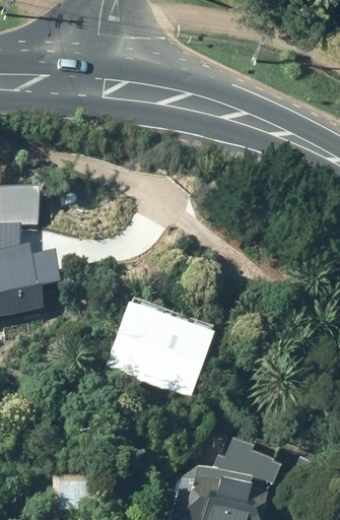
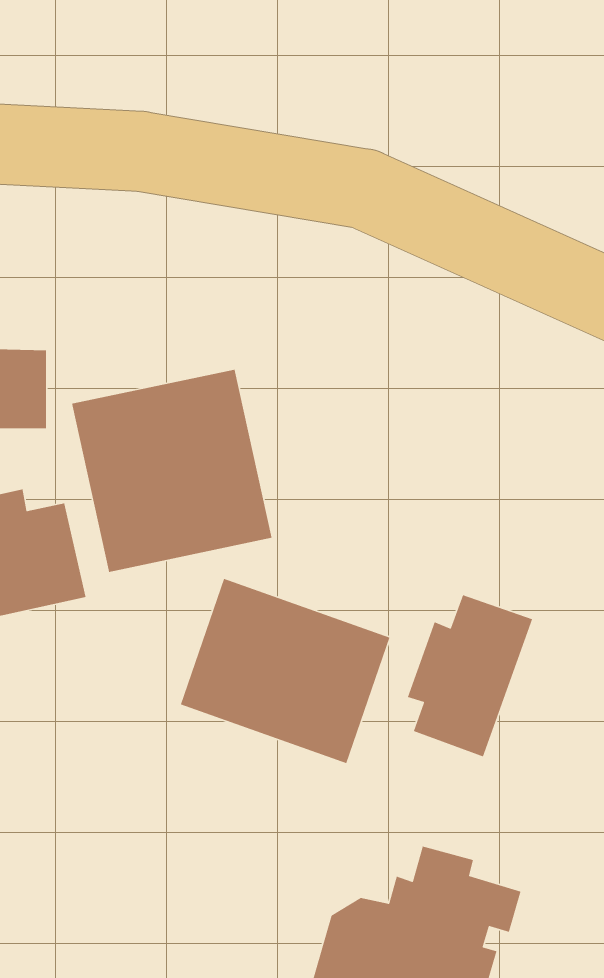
building: none -> [71,369,273,573]
building: none -> [407,594,533,758]

